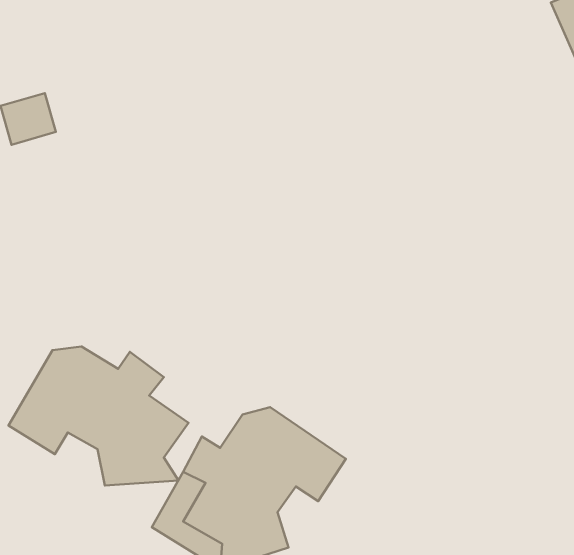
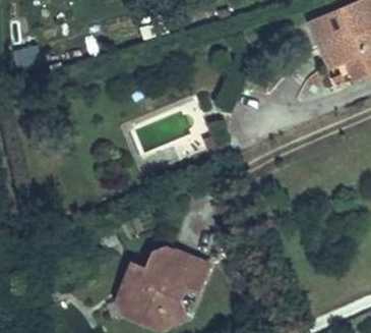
building: [9,347,189,485] -> none

